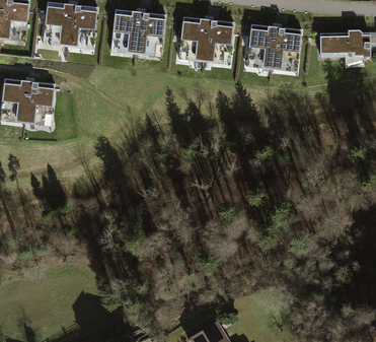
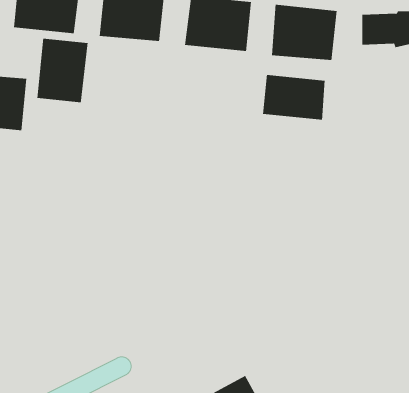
building: none -> [37,38,88,103]
building: none -> [263,74,325,121]

